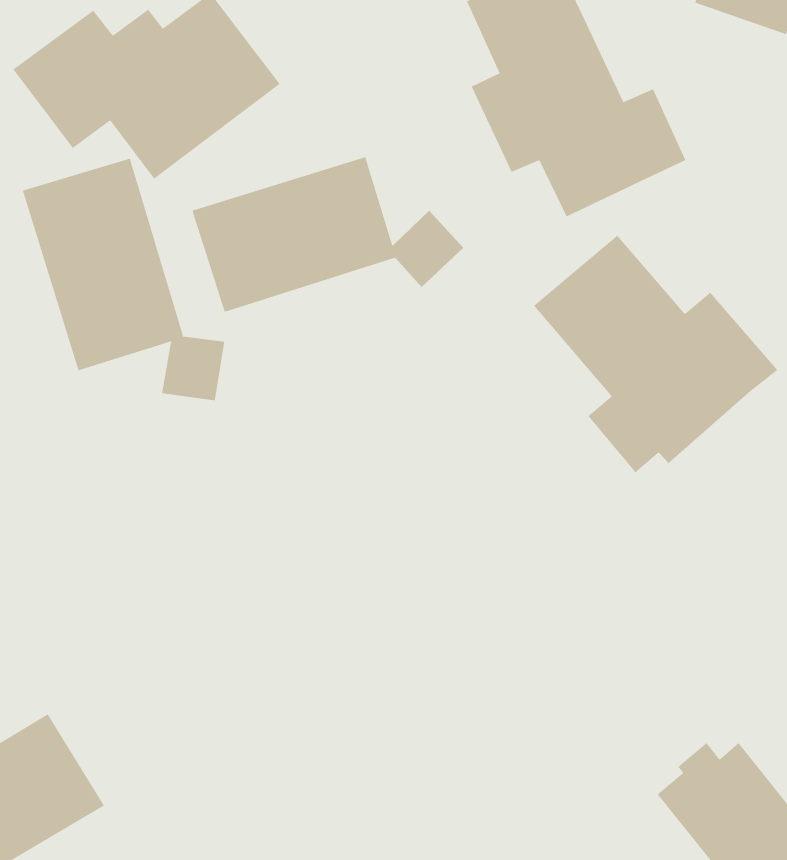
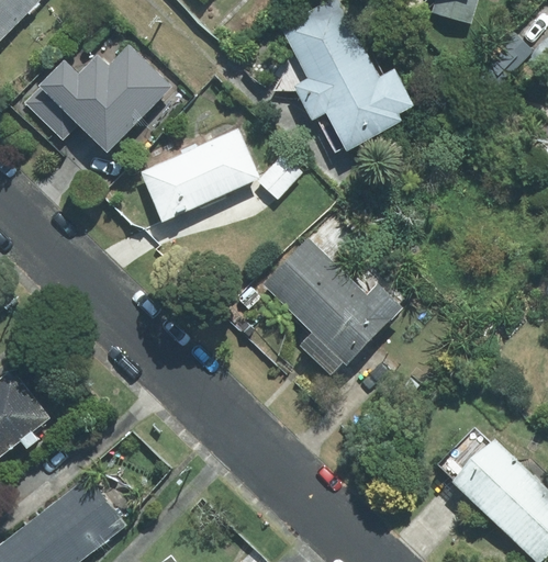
building: [22,158,225,401] -> none
building: [533,235,778,473] -> [261,237,409,374]

